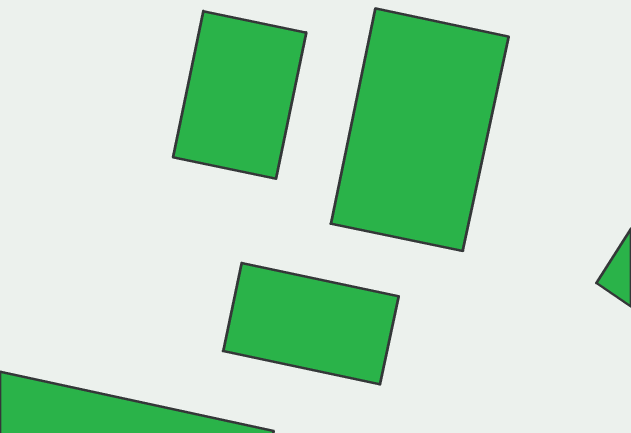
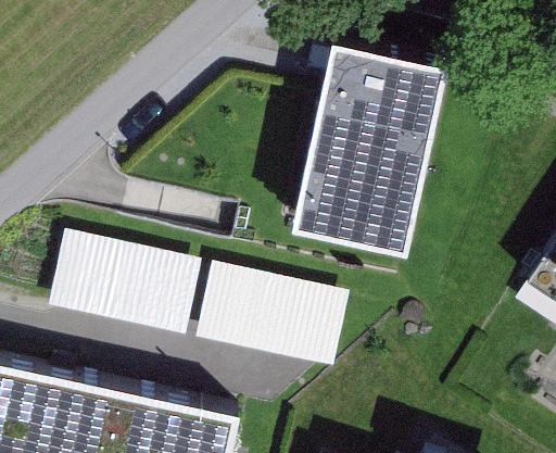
building: [173,11,306,179] -> none
building: none -> [47,229,201,335]

